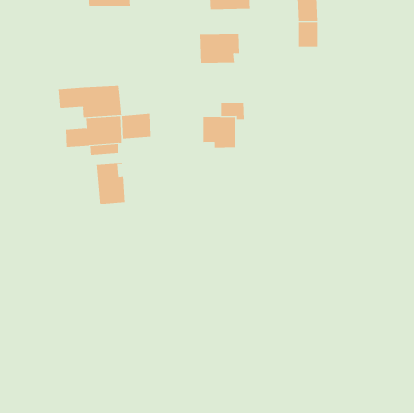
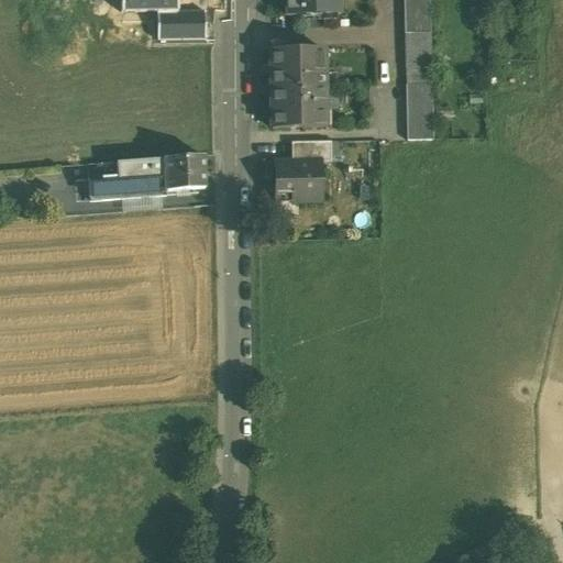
building: none -> [158,9,208,37]
building: none -> [406,82,434,137]
building: none -> [273,85,328,125]
building: [58,85,122,118] -> none
building: [96,162,125,205] -> none

